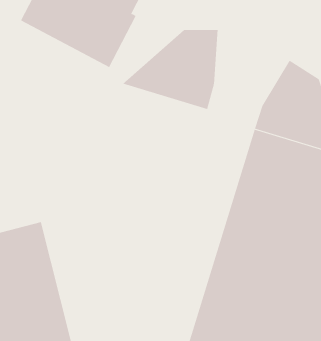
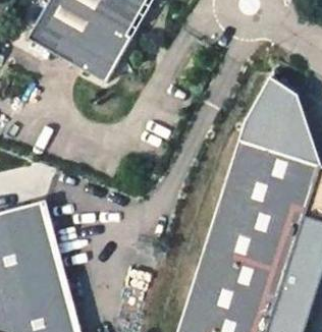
building: [122,29,218,110] -> none

